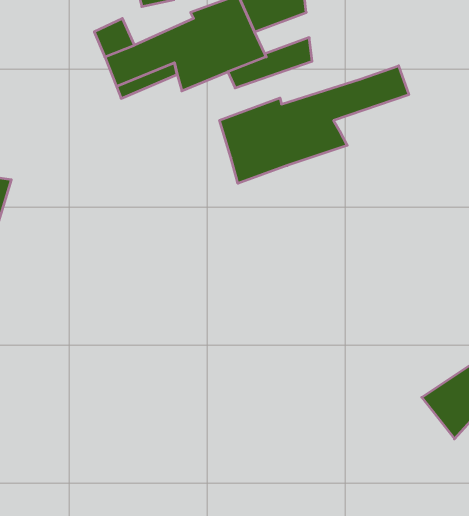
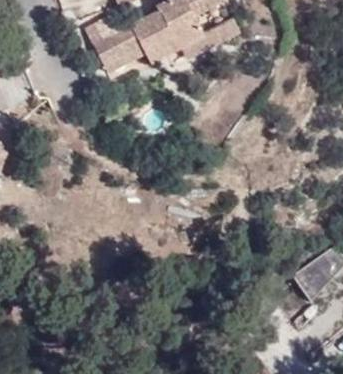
building: [220,66,409,183] -> none

